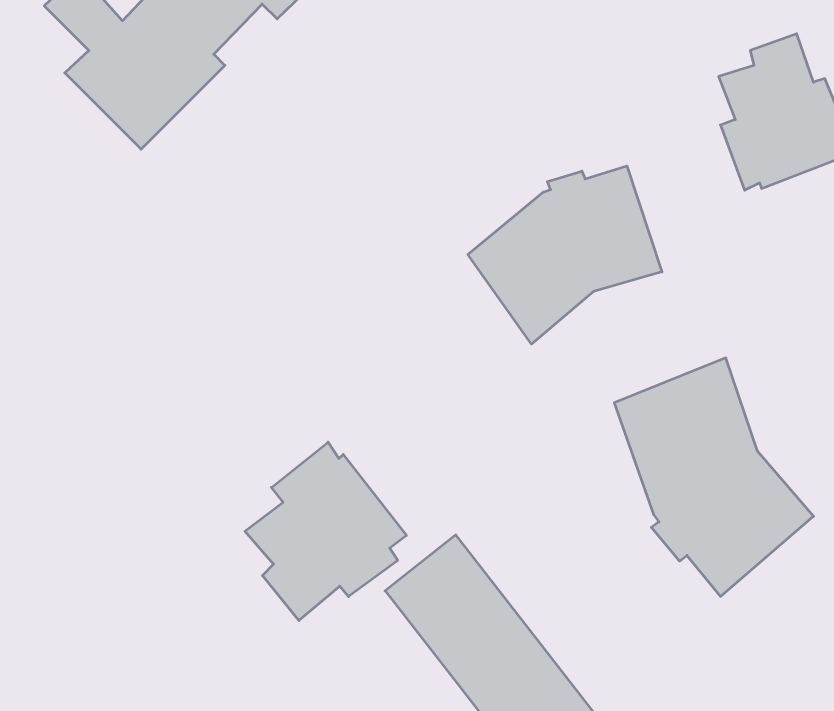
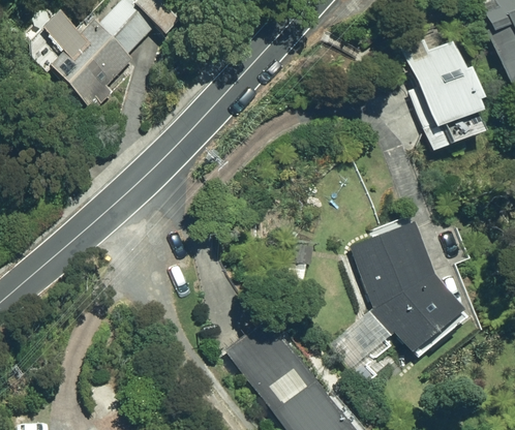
building: [468,166,662,344] -> none
building: [245,442,406,621] -> none

